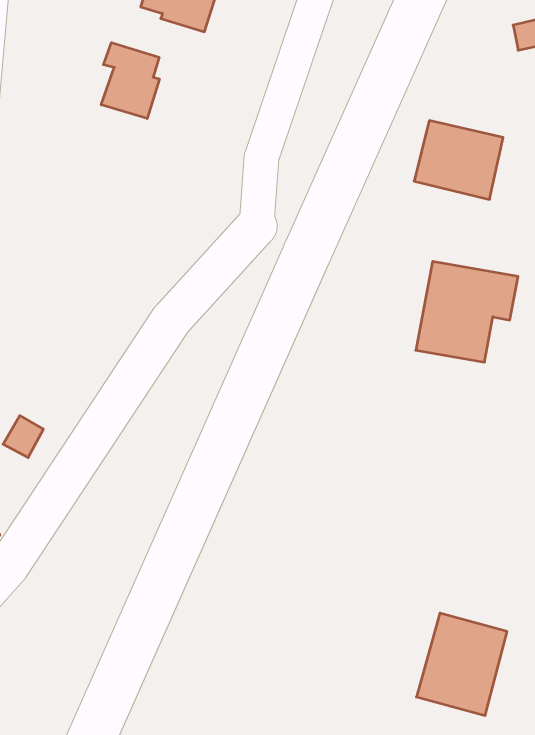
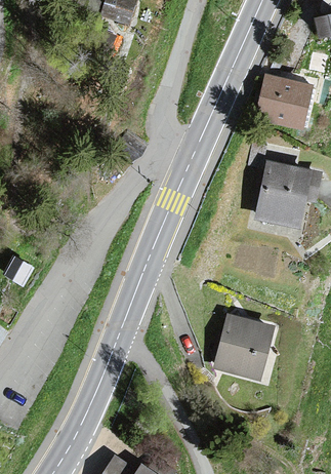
building: [101,43,159,119] -> none
building: [416,613,507,715] -> [215,315,271,378]

